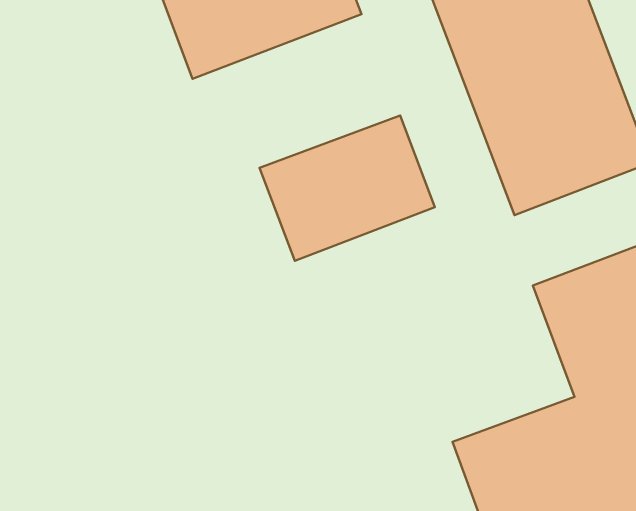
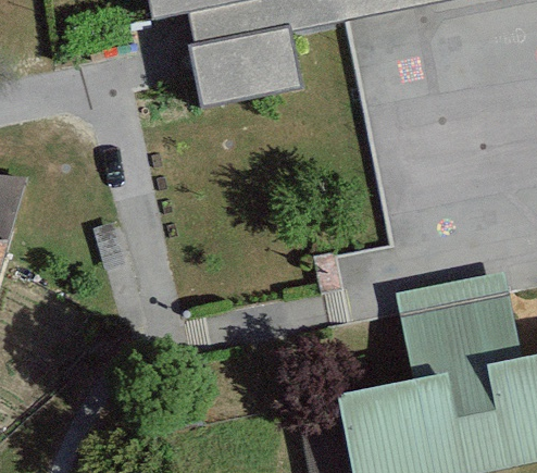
building: [260,115,435,261] -> none

